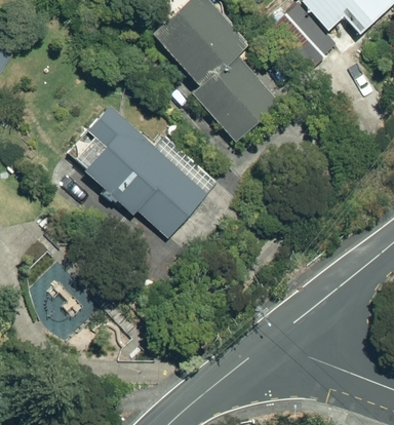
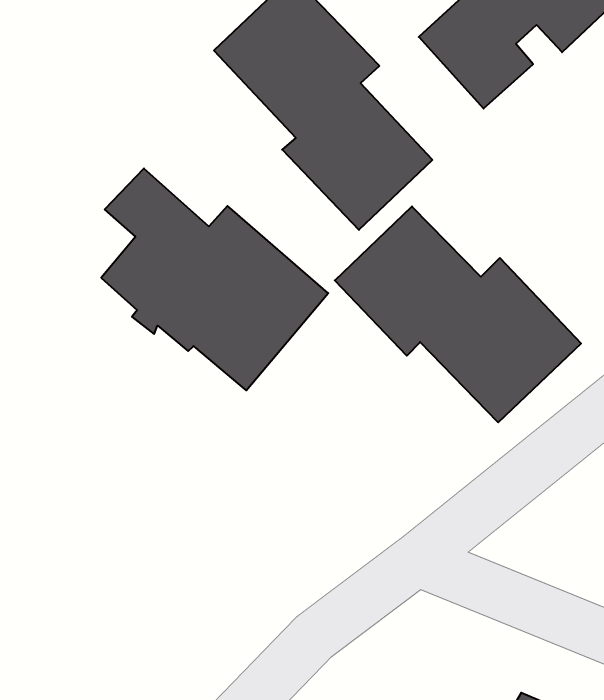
building: none -> [335,206,581,422]

